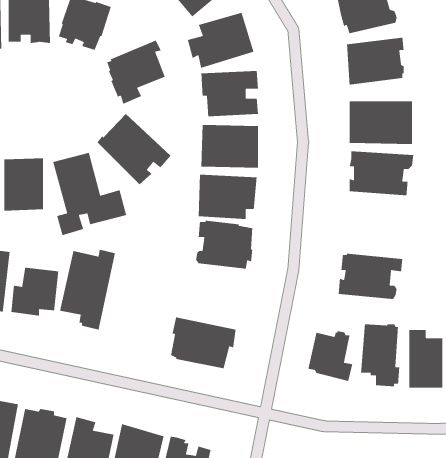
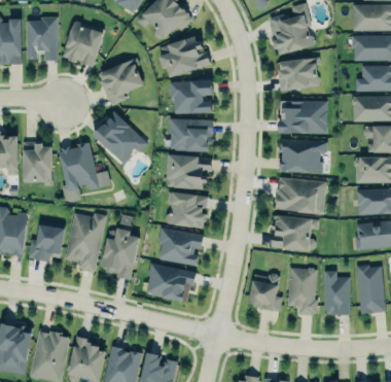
building: none -> [275,177,326,213]
building: none -> [156,227,203,266]
building: none -> [99,229,139,279]

